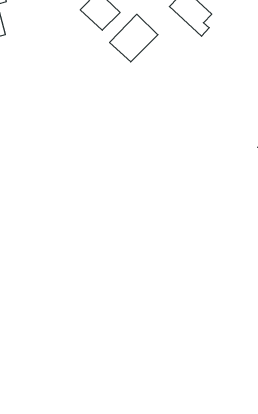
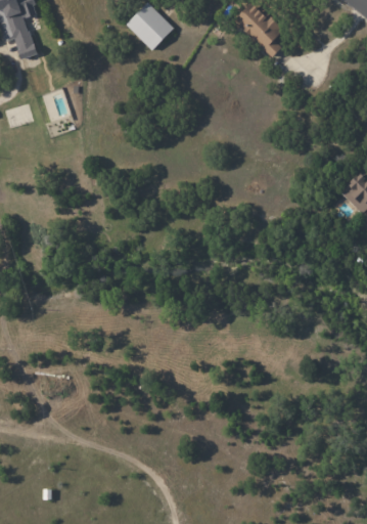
building: [110,14,158,62] -> none

